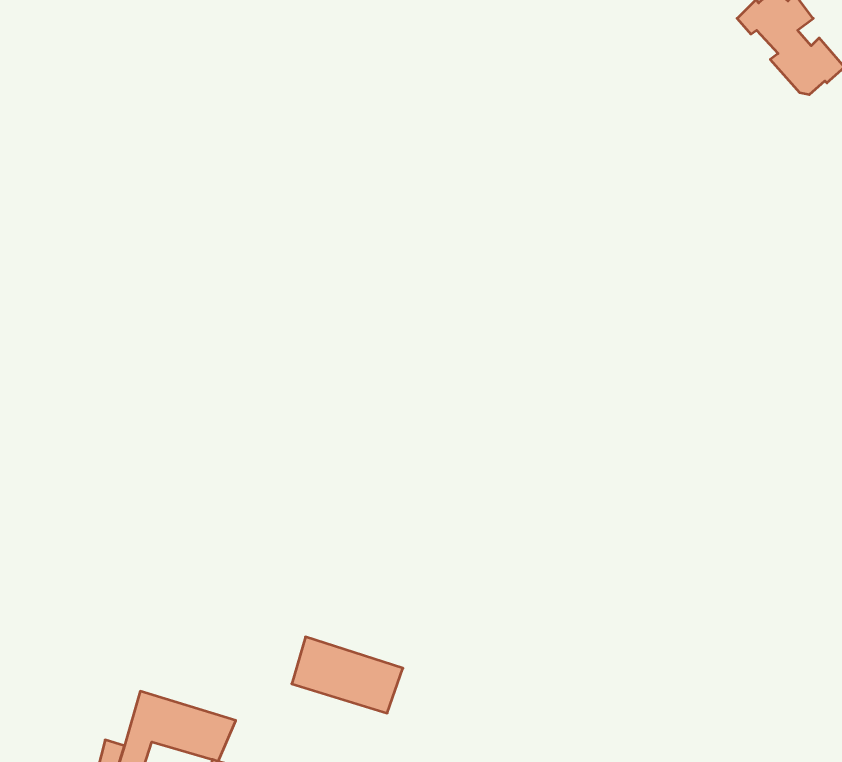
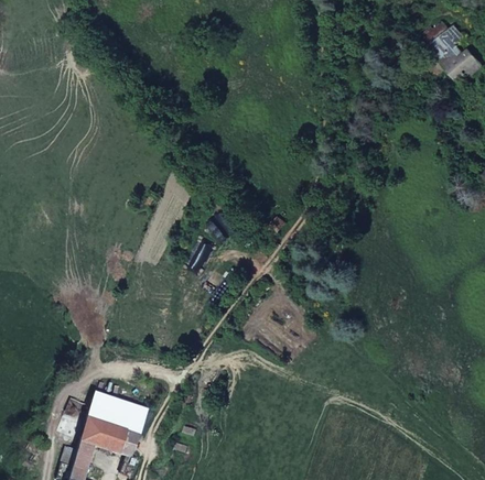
building: [292,637,403,713] -> [87,391,150,434]

